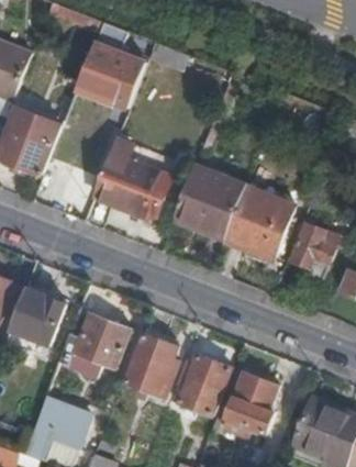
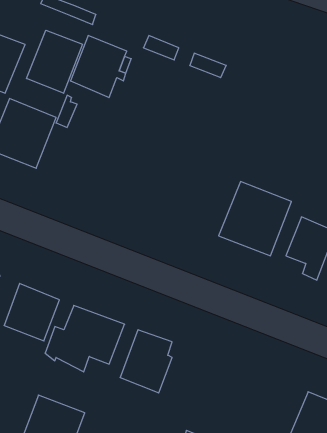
building: none -> [27,30,82,93]
building: [94,138,171,219] -> none
building: [173,166,245,235] -> none
building: [173,354,230,414] -> none
building: [226,373,277,432] -> none

